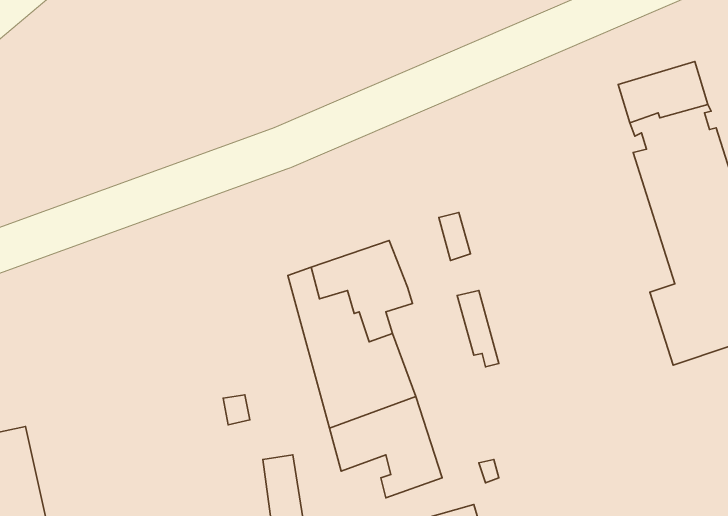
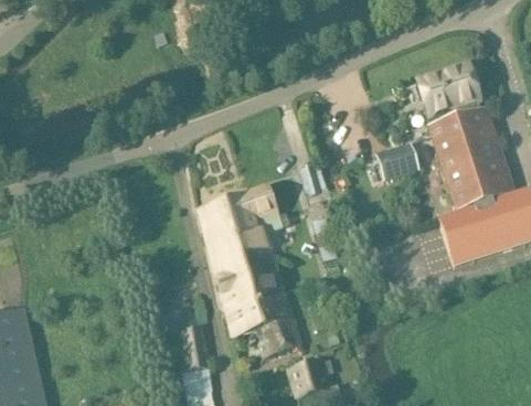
building: none -> [376,141,420,179]

